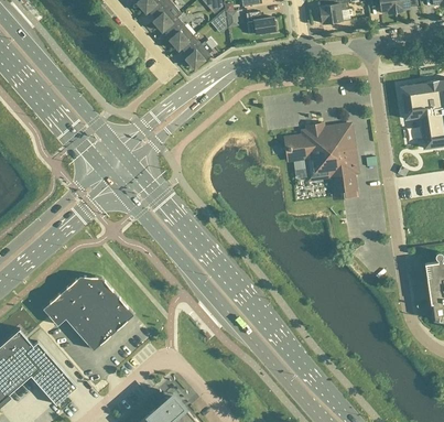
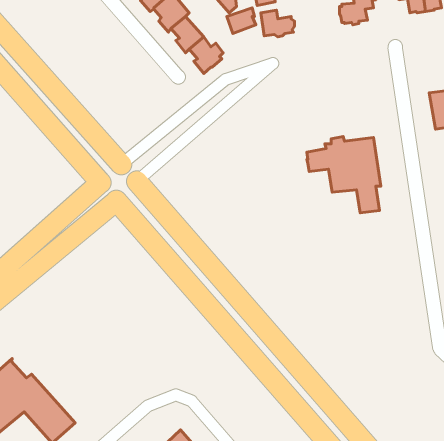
building: [42,277,133,350] -> none

